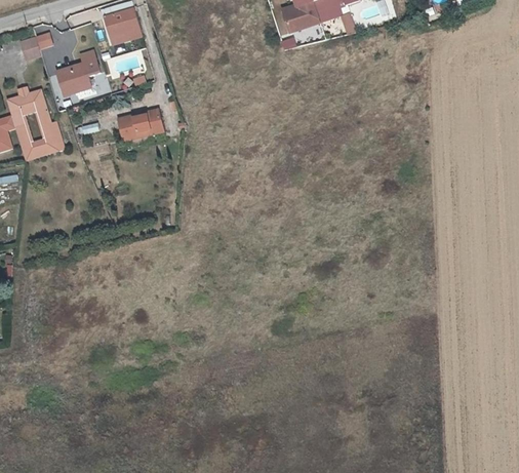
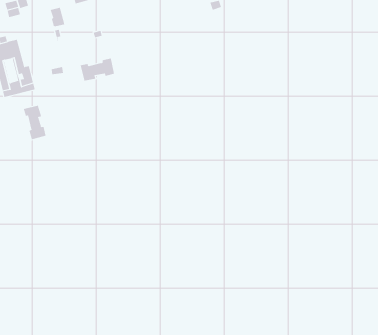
building: [56,61,89,94] -> none
building: none -> [23,105,46,140]

